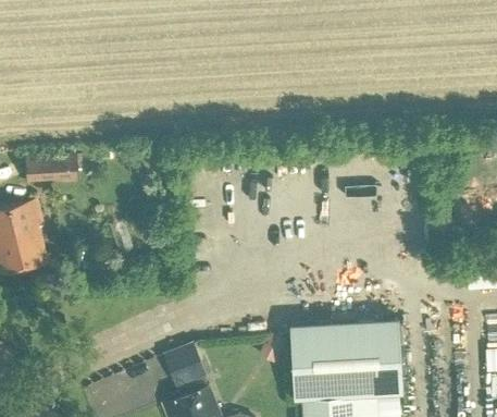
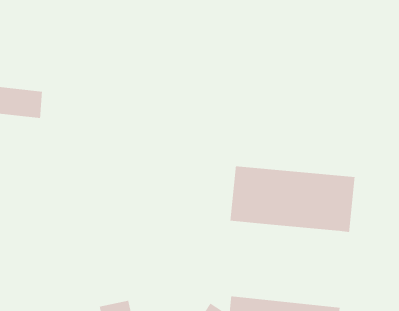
building: none -> [230,166,356,233]

